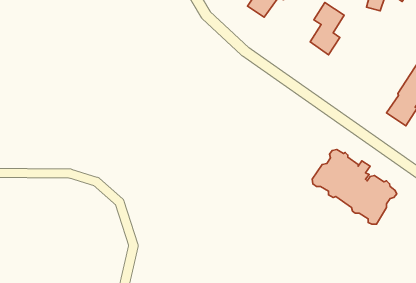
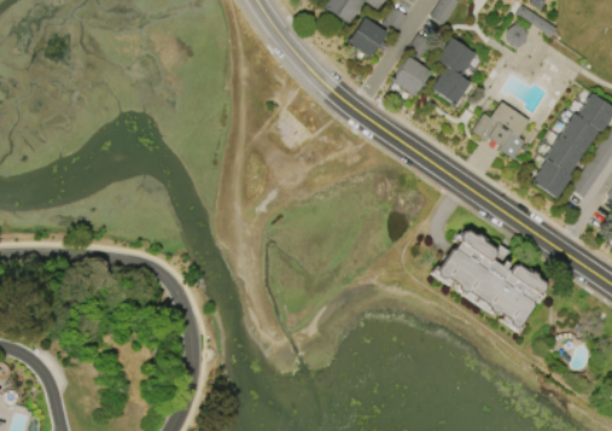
building: none -> [392,56,432,95]
building: none -> [473,101,530,158]

